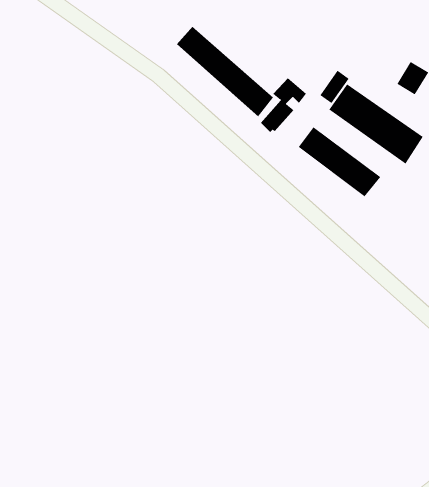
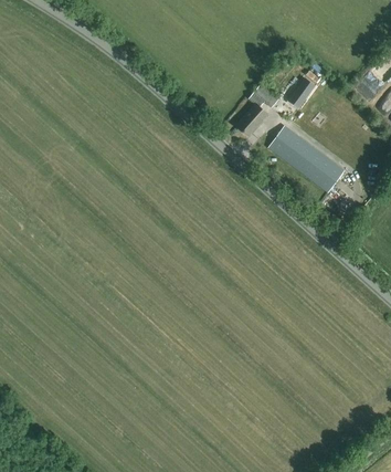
building: [176,26,274,117] -> none
building: [329,83,424,164] -> none

